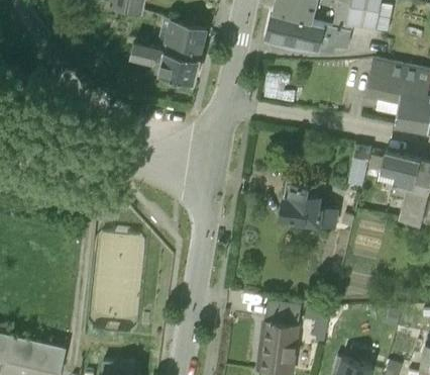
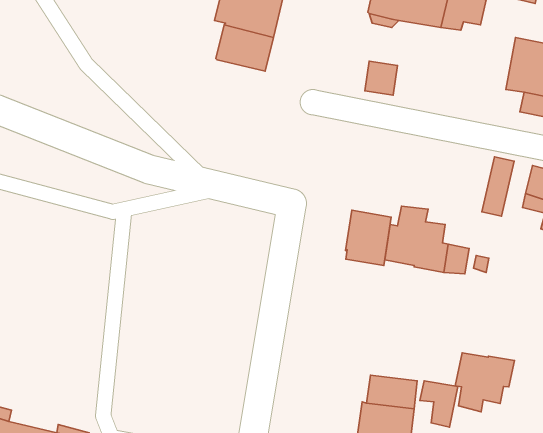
building: [130,42,165,78] -> none
building: none -> [345,210,391,265]
building: none -> [455,353,514,412]

